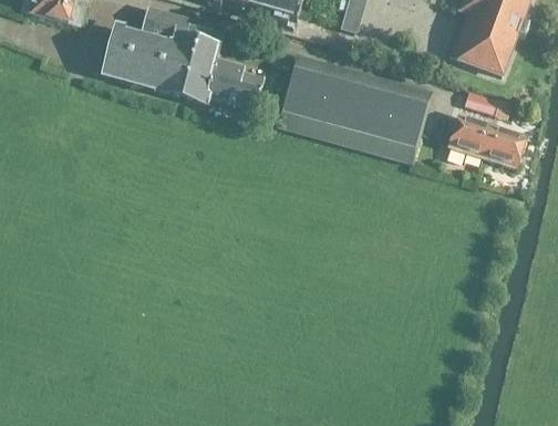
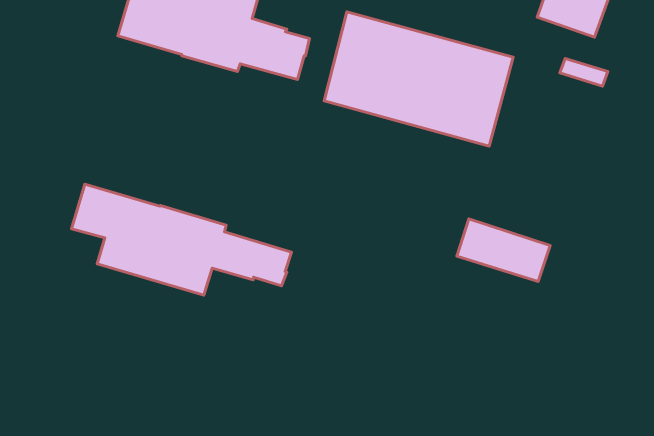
building: [447,114,525,166] -> [457,219,550,281]
building: none -> [71,184,291,295]

